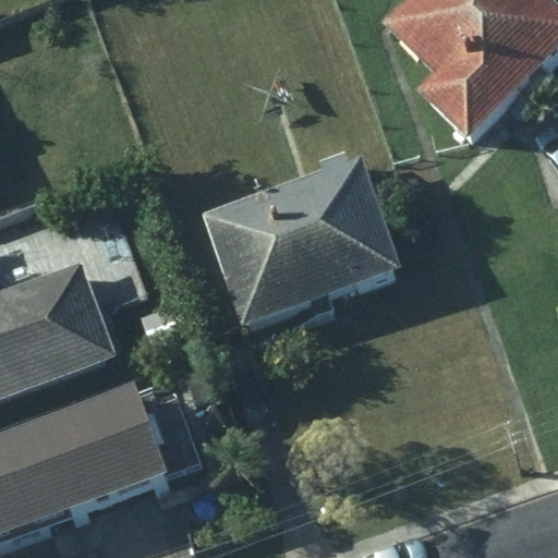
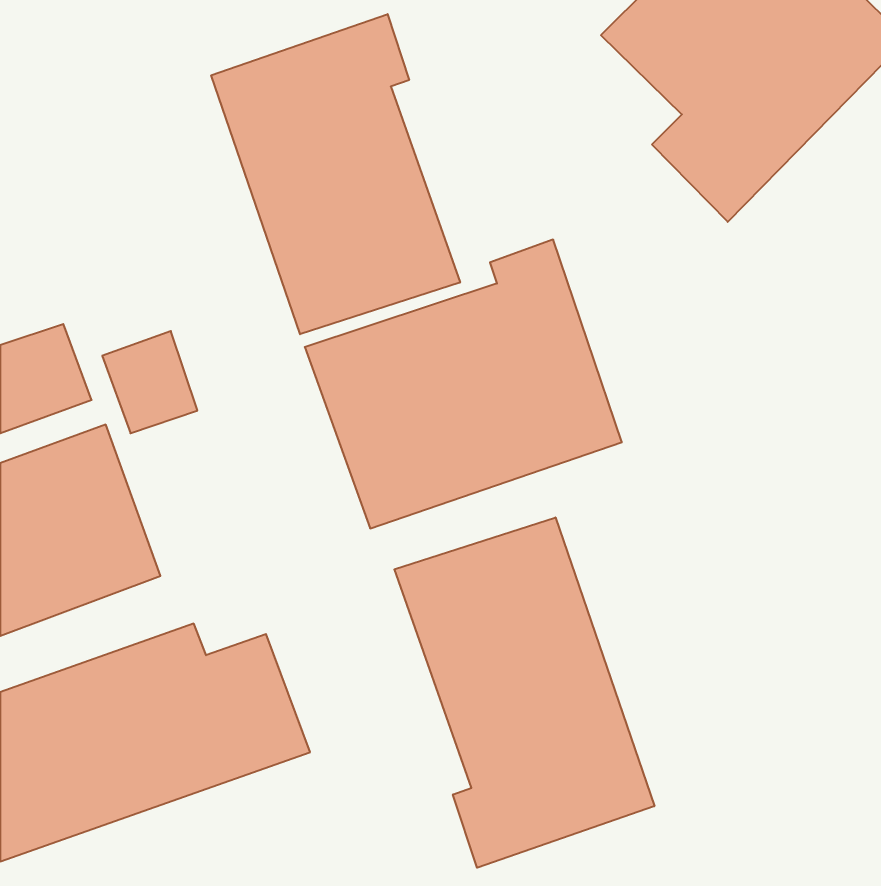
building: none -> [211,14,460,334]
building: none -> [394,517,654,868]

